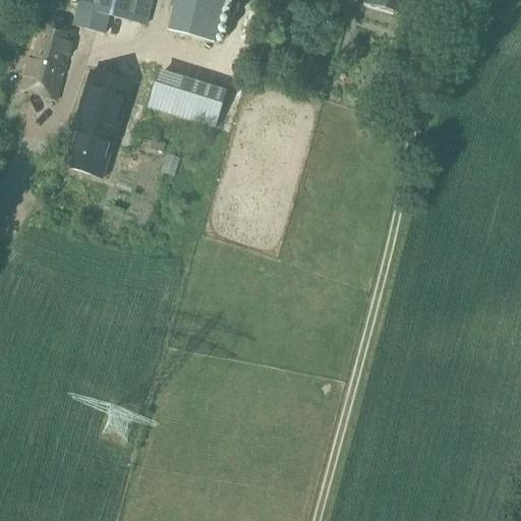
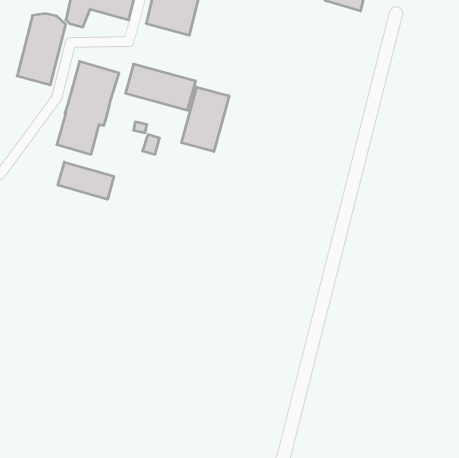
building: none -> [181,87,229,152]
building: none -> [58,162,114,199]

